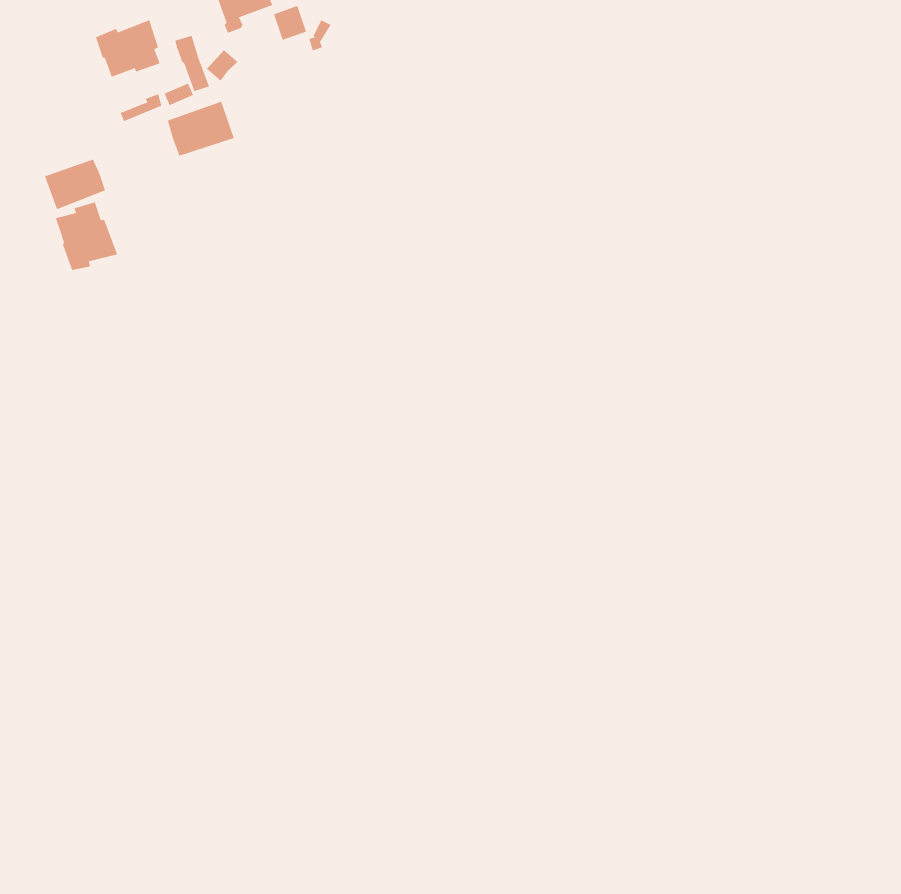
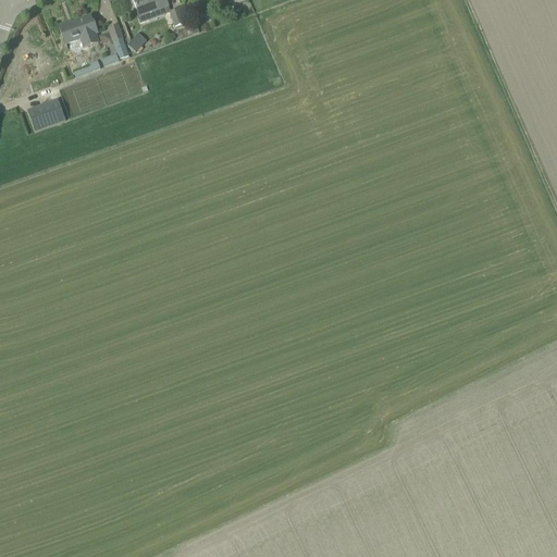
building: [167,101,235,156] -> none
building: [55,201,118,271] -> none

